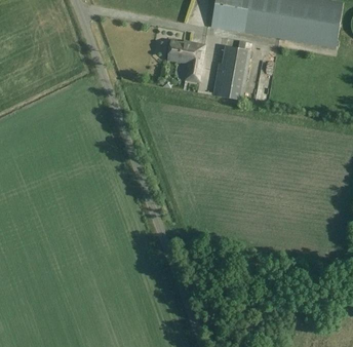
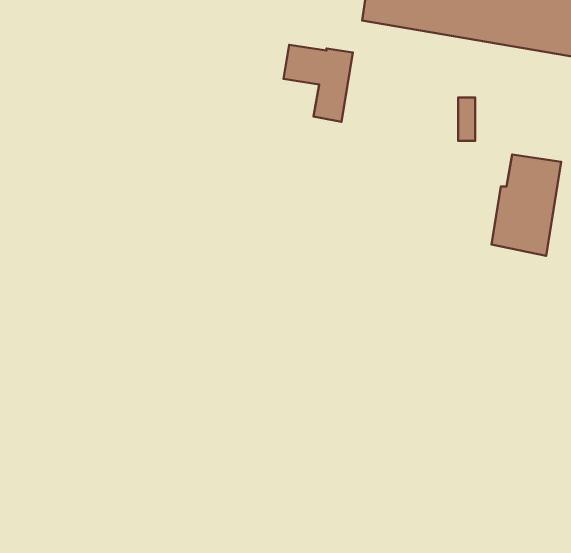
building: [211,45,249,101] -> [492,154,561,256]

